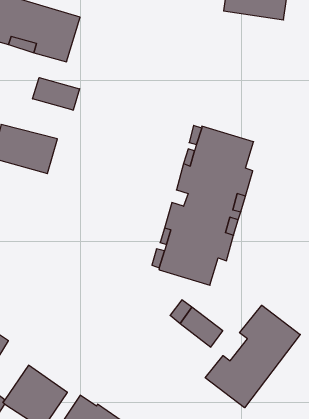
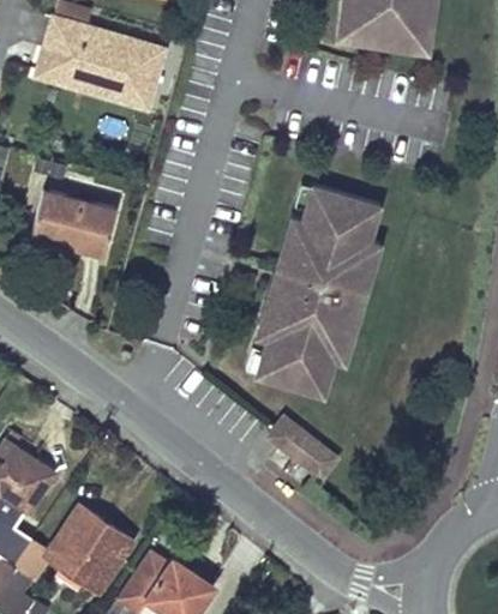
building: [33,78,80,110] -> none
building: [205,305,300,408] -> none

